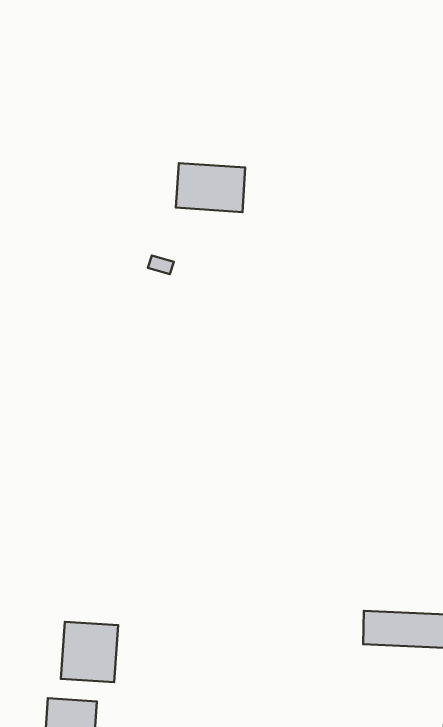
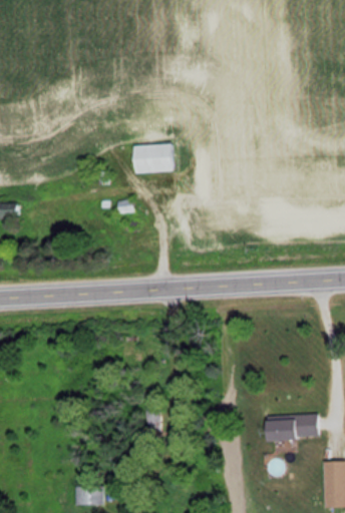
building: [61,622,118,682] -> none

